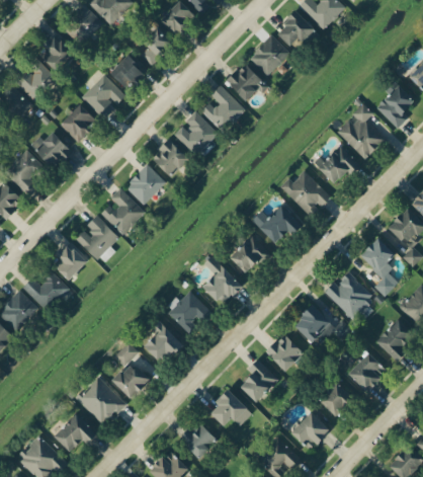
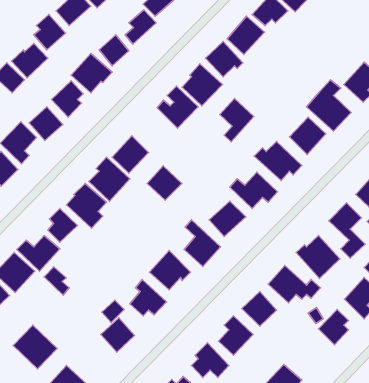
building: none -> [220,99,254,142]
building: [151,139,188,176] -> [147,166,182,200]
building: none -> [44,267,69,295]
building: [76,377,123,424] -> [13,325,57,369]
building: [320,382,353,416] -> none

